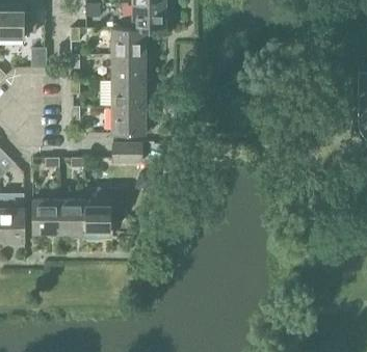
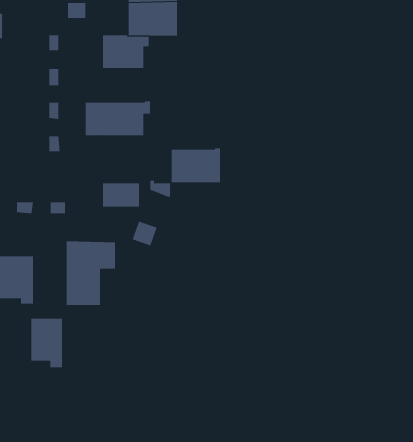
building: [112,54,150,81] -> none
building: [111,106,150,133] -> [171,148,221,183]
building: [59,199,84,238] -> [31,318,63,368]

